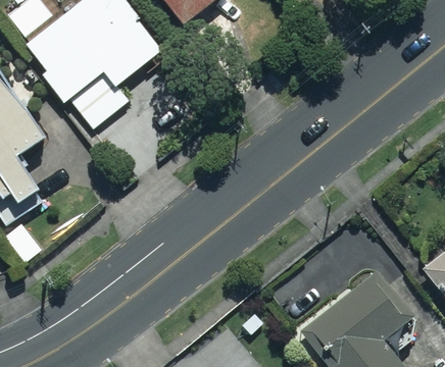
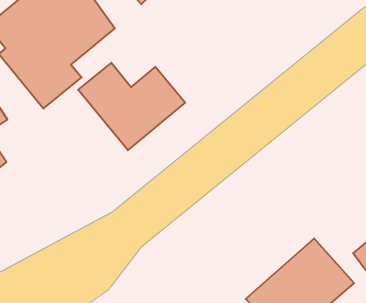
building: none -> [78,63,185,150]

